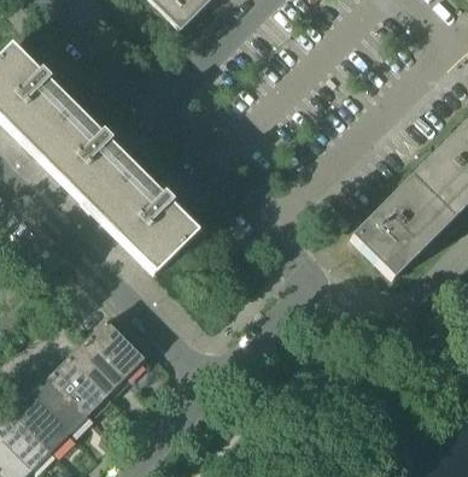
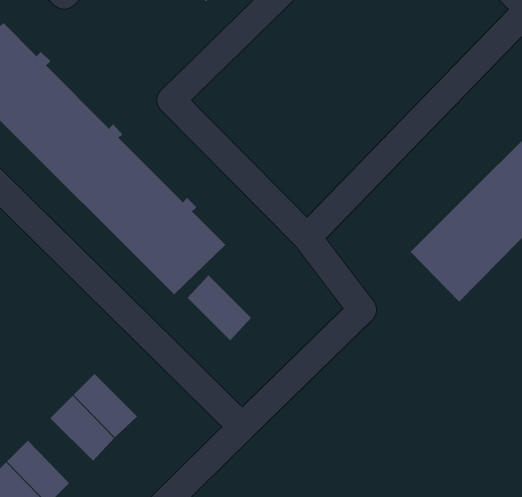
building: [89,318,144,373] -> [187,275,252,341]
building: [34,375,88,429] -> none

